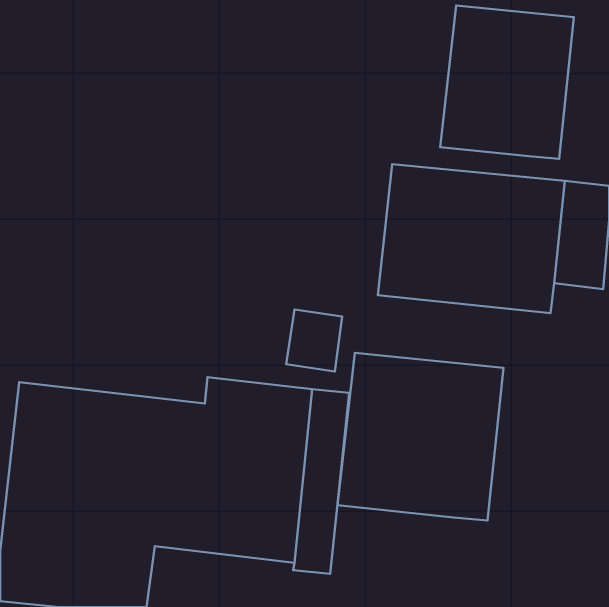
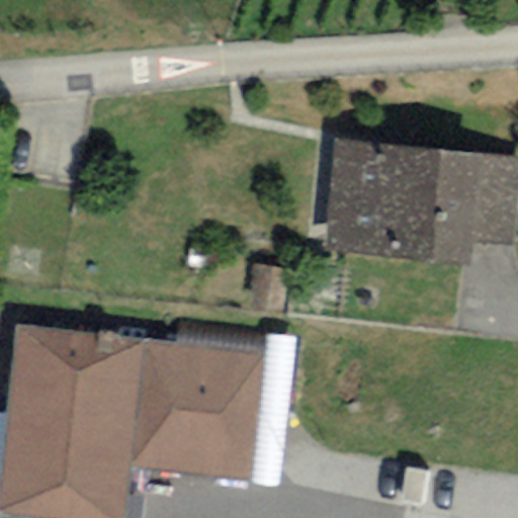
building: [440,6,574,159] -> none
building: [337,353,504,520] -> none

